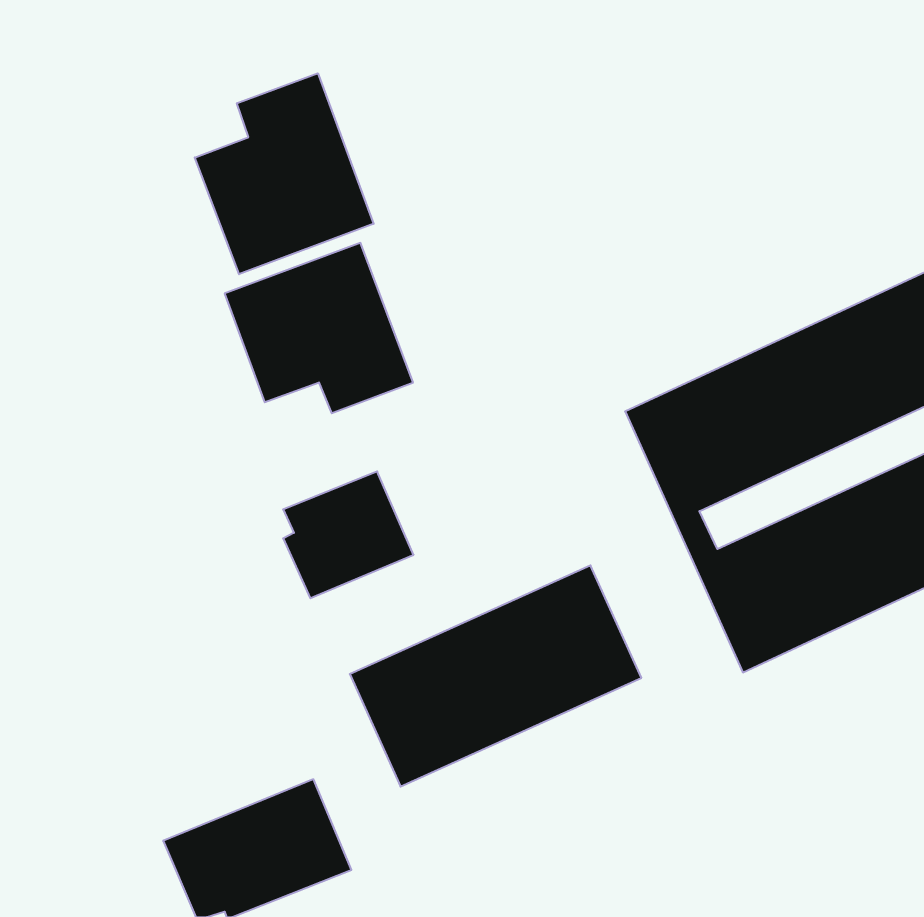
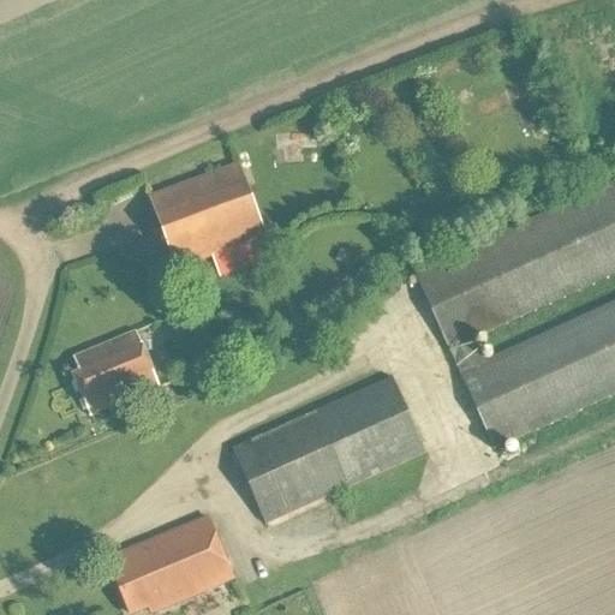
building: [195,73,374,274] -> none
building: [283,471,414,598] -> [74,329,161,413]

